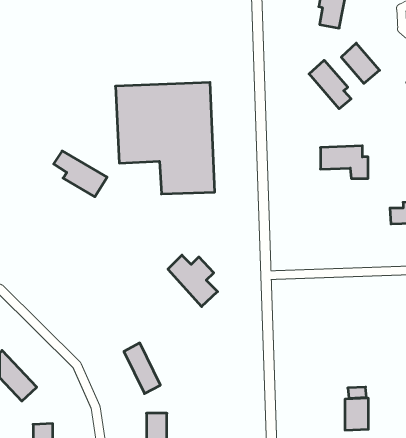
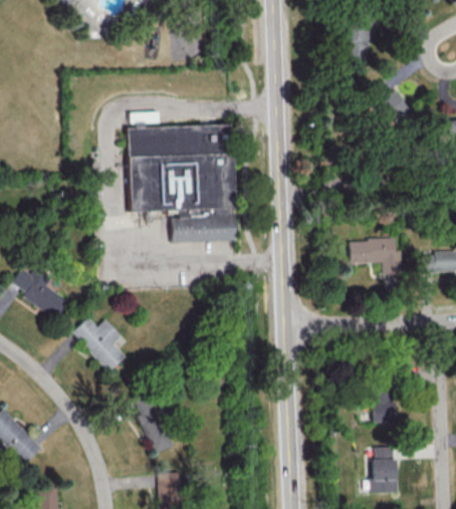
building: [309,60,351,109] -> none
building: [320,146,368,178] -> [351,239,402,274]
building: [54,151,107,197] -> [13,269,70,318]
building: [168,255,218,307] -> [73,317,127,372]
building: none -> [373,388,396,423]

